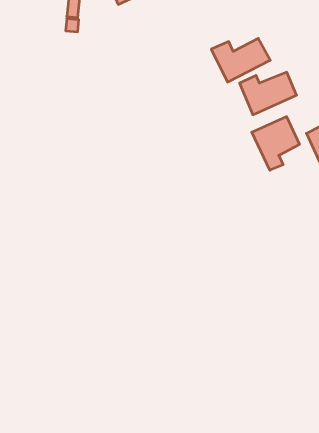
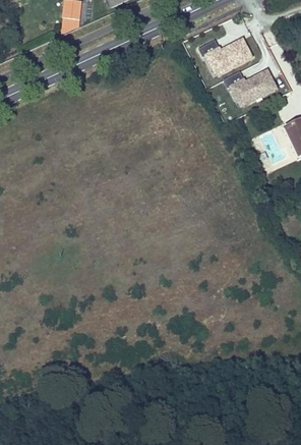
building: [252,117,299,170] -> none

